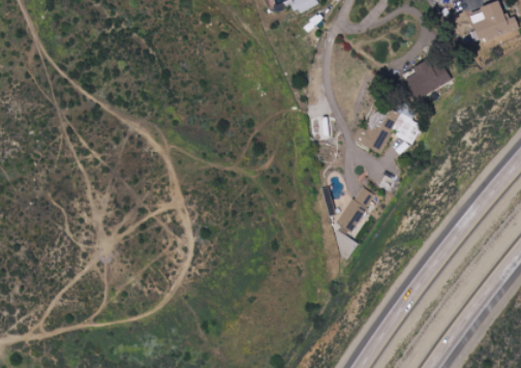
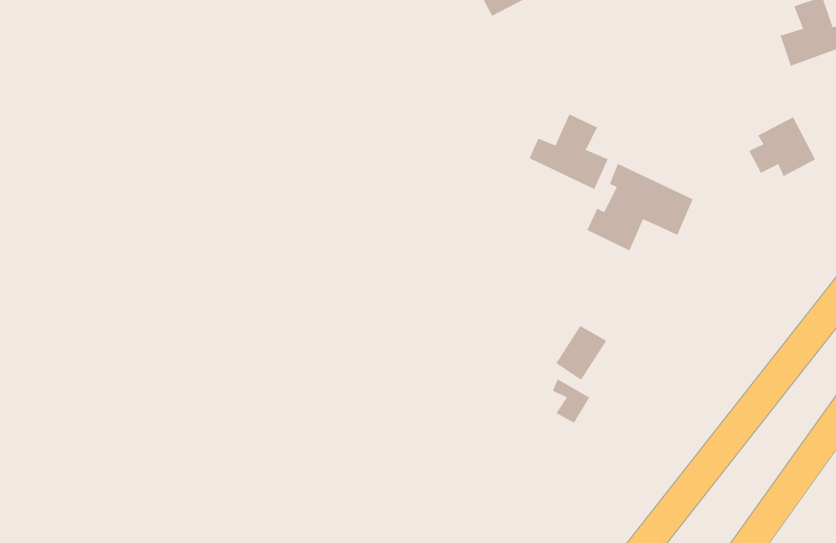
building: [405,57,446,93] -> [749,116,816,177]
building: none -> [529,114,608,190]

